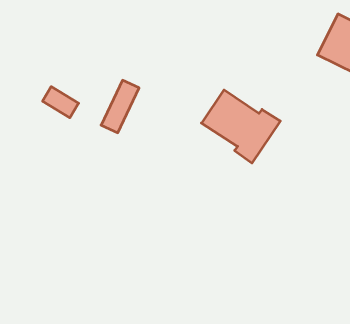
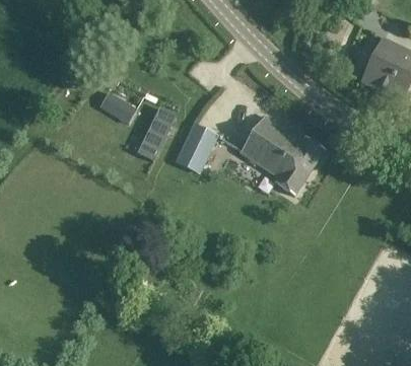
building: [43,87,79,118] -> [98,91,136,124]
building: none -> [177,123,216,167]

